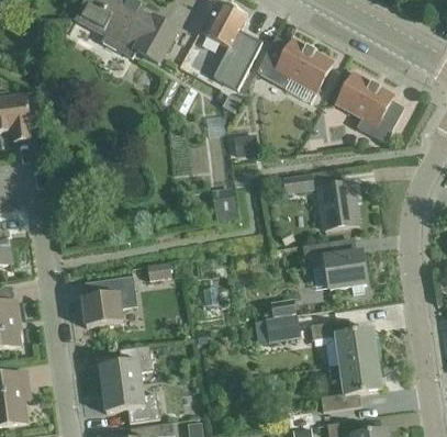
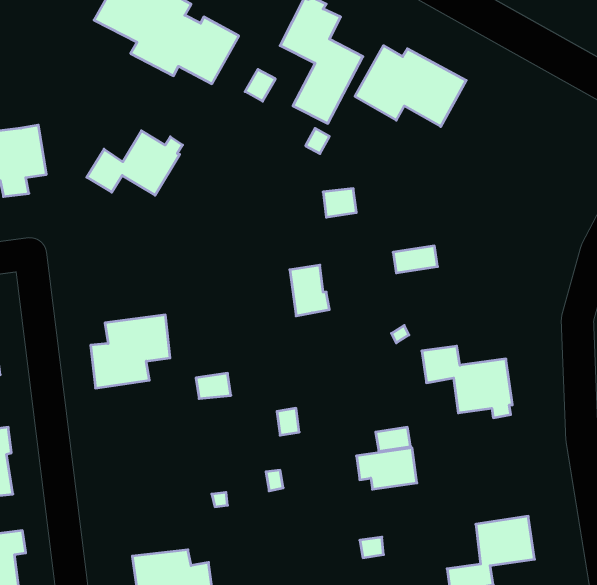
building: [335,70,403,142] -> none
building: none -> [87,131,183,195]
building: [319,182,357,228] -> none
building: [81,276,136,326] -> [91,315,170,388]
building: [310,321,376,366] -> none
building: [99,345,152,388] -> none

